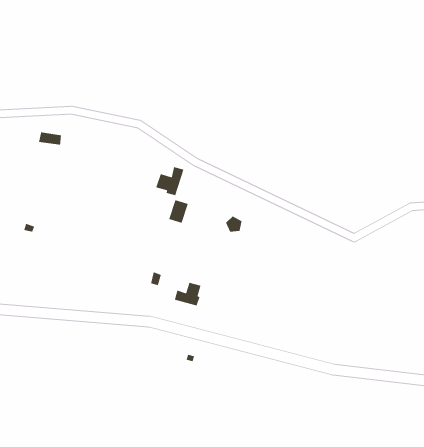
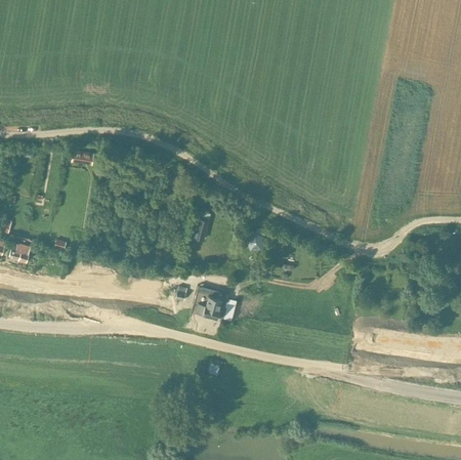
building: [155,166,184,196] -> none

